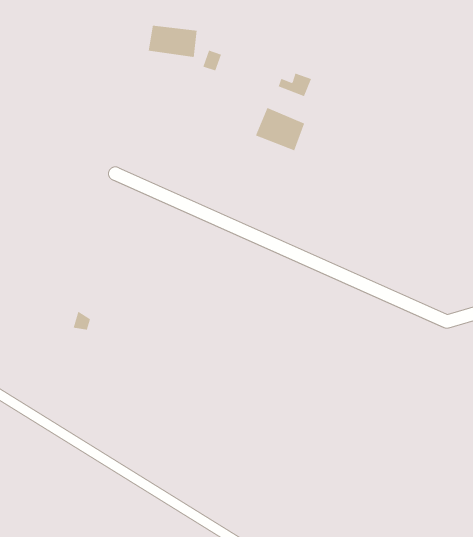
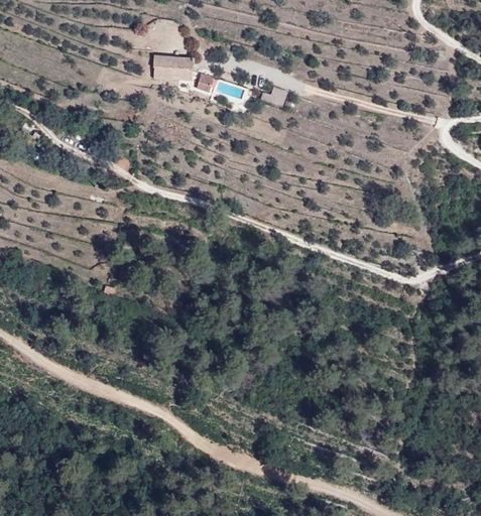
building: [255,107,305,151] -> none

